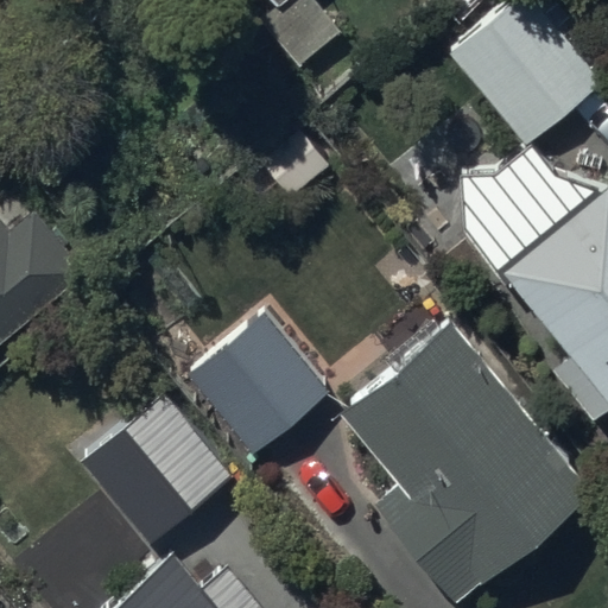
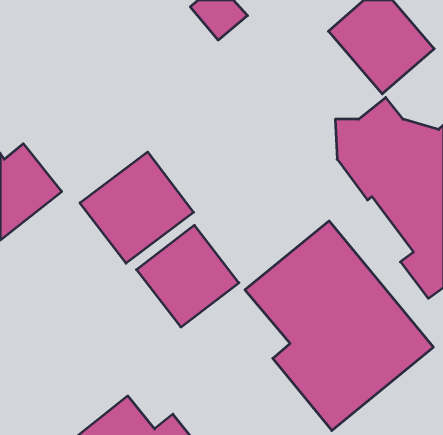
building: none -> [80,152,194,263]
building: [88,397,235,543] -> none

